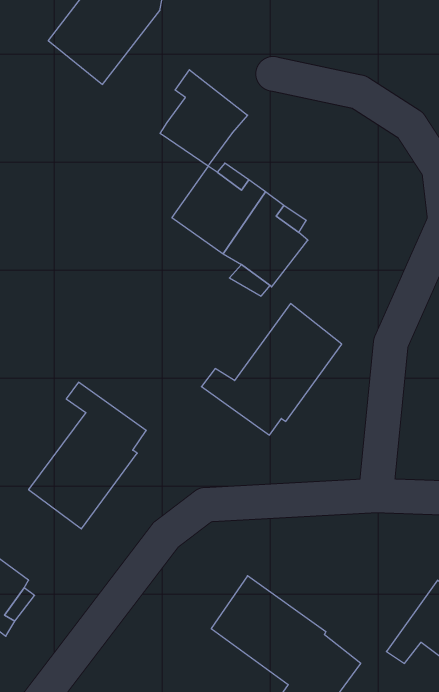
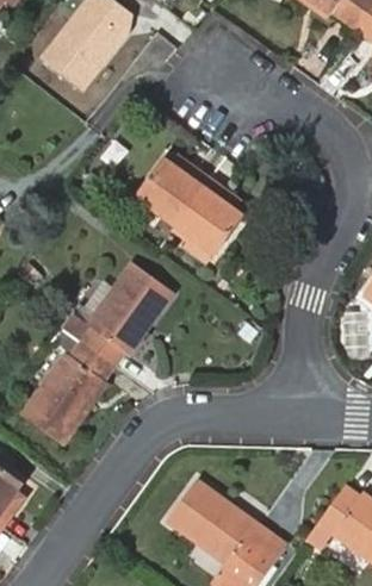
building: [160,70,248,166] -> none
building: [201,304,342,435] -> [62,262,173,366]

